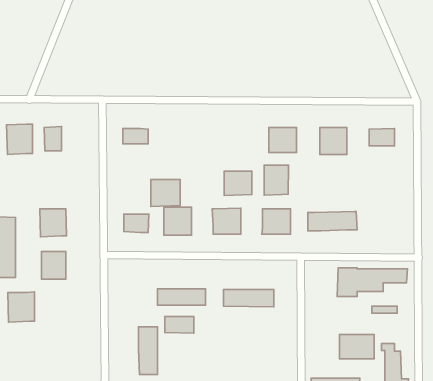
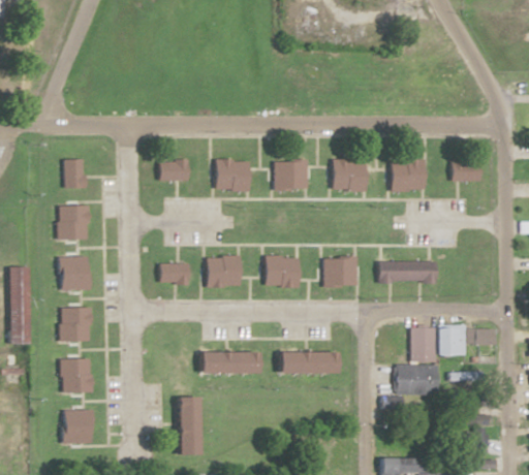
building: [7,124,33,154] -> [59,205,90,242]
building: [264,165,288,195] -> none
building: [224,171,252,195] -> [275,162,308,191]
building: [151,179,180,206] -> [215,160,250,192]
building: [8,292,35,322] -> [60,358,92,394]
building: [165,317,194,333] -> none
building: [340,335,374,359] -> [397,366,438,394]
building: none -> [63,410,94,444]

